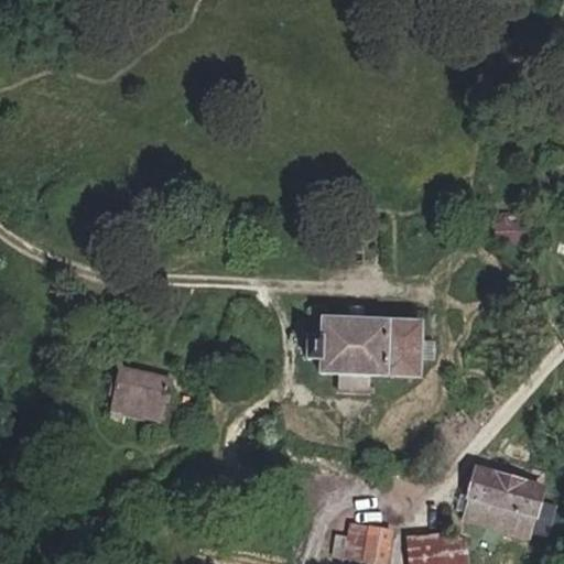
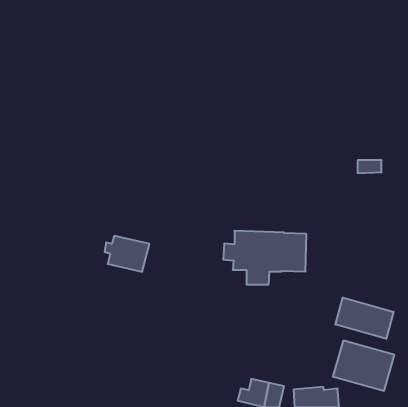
building: [111,368,173,417] -> [105,236,149,272]
building: none -> [335,297,394,339]

